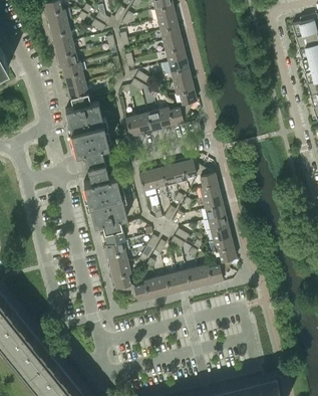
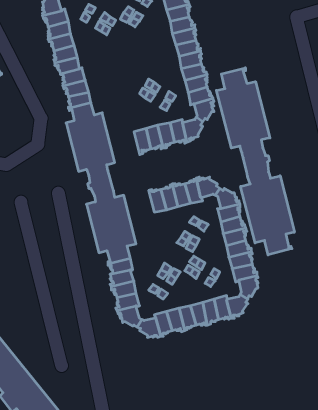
building: none -> [216,68,294,255]

